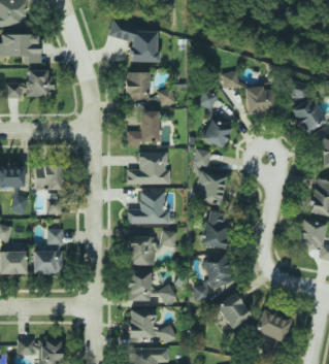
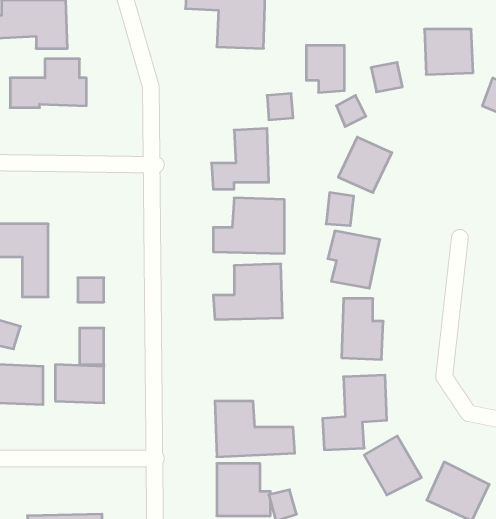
building: [126,72,149,100] -> [306,45,344,92]
building: [245,88,274,114] -> [424,29,473,74]
building: [35,168,62,190] -> none
building: [128,230,176,265] -> none

